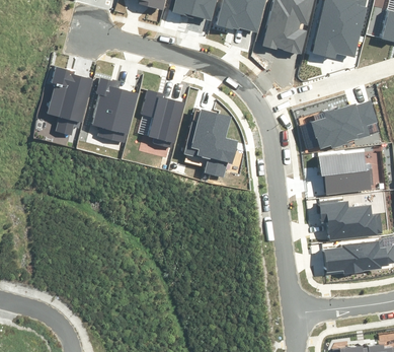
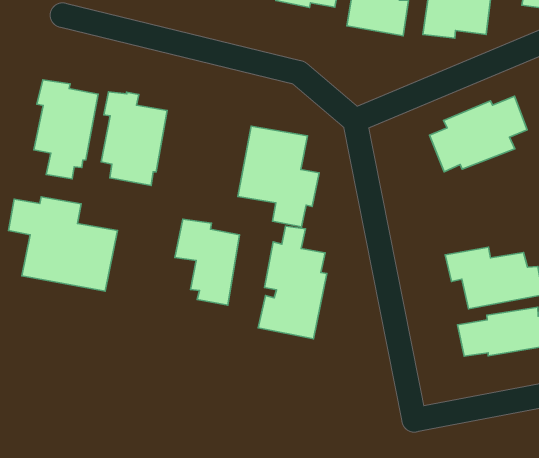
building: [138,88,182,148] -> [175,219,240,305]
building: none -> [9,197,117,291]
building: [318,149,373,194] -> none
building: none -> [258,226,327,339]

